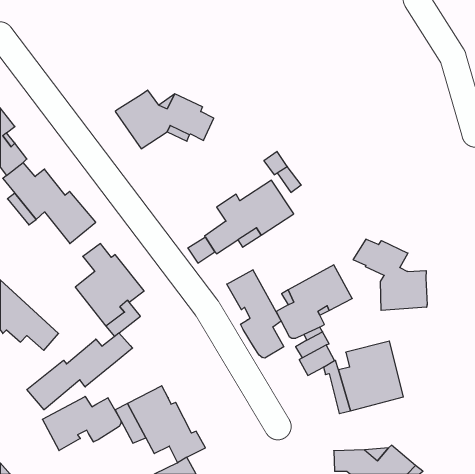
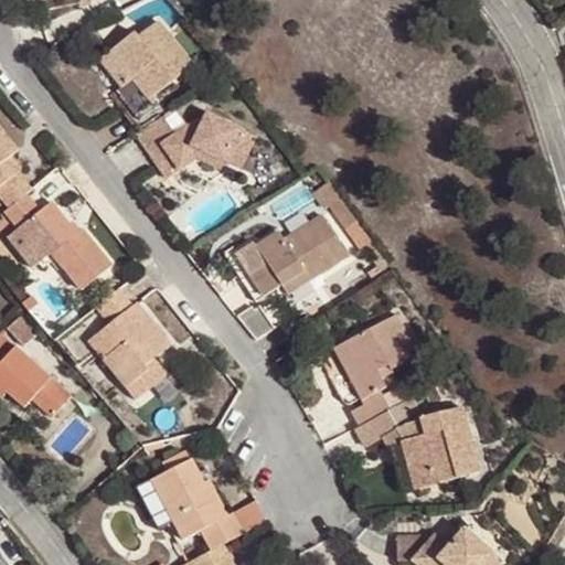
building: none -> [99,20,192,130]
building: [353,239,427,310] -> none
building: [227,270,284,358] -> none
building: [27,333,133,410] -> none
building: [42,396,121,451] -> none

